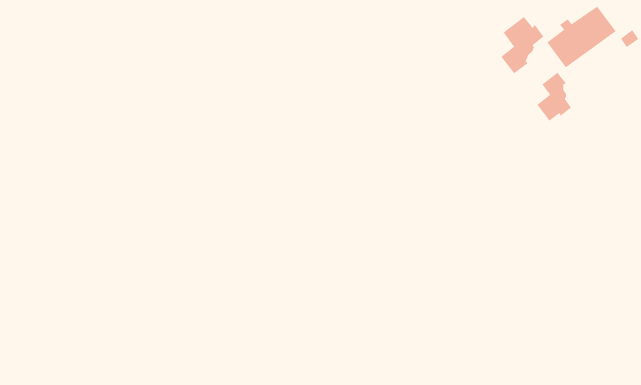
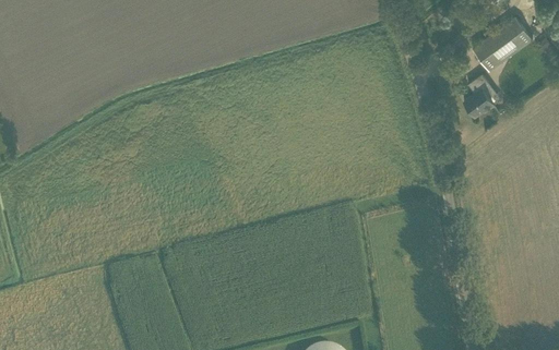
building: [500,16,544,74] -> none

